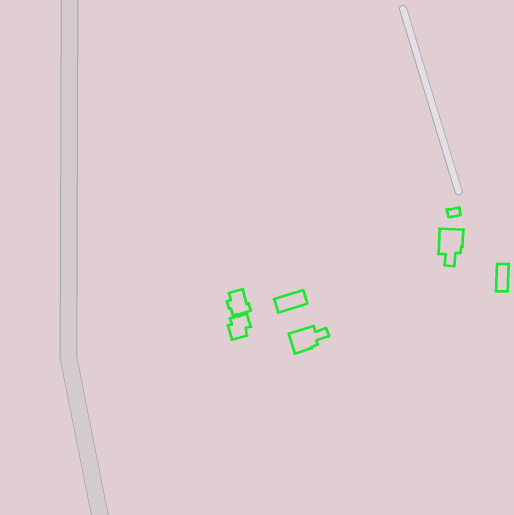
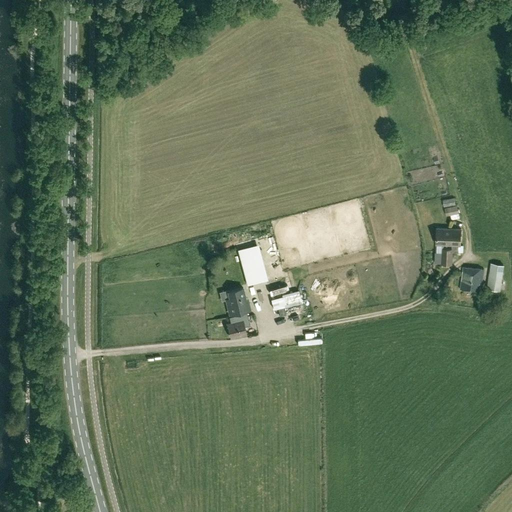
building: none -> [240,246,267,284]
building: none -> [459,267,482,292]
building: [289,326,329,354] -> none

